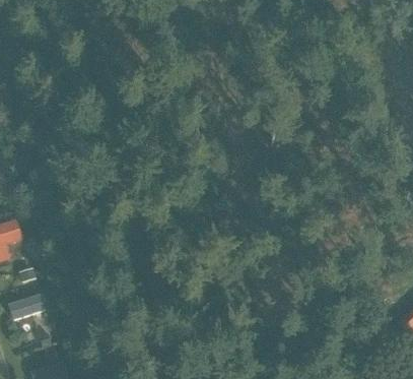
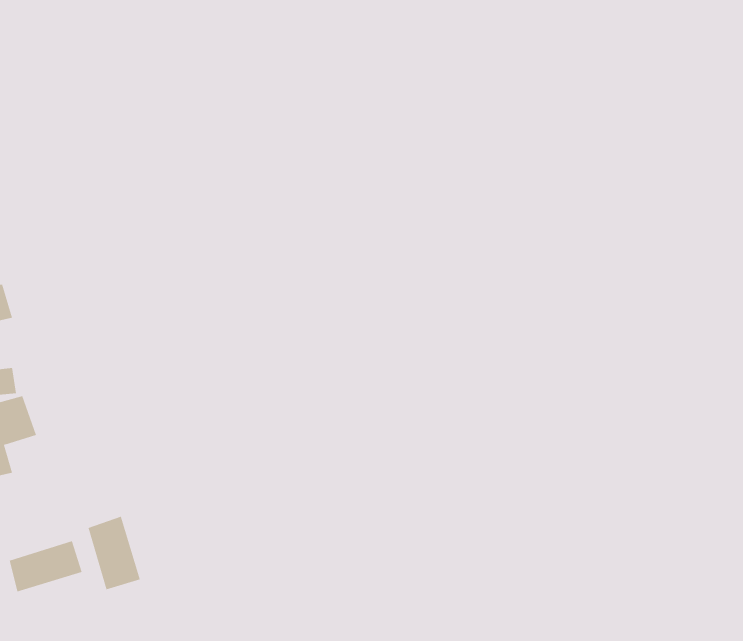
building: none -> [88,516,141,590]

